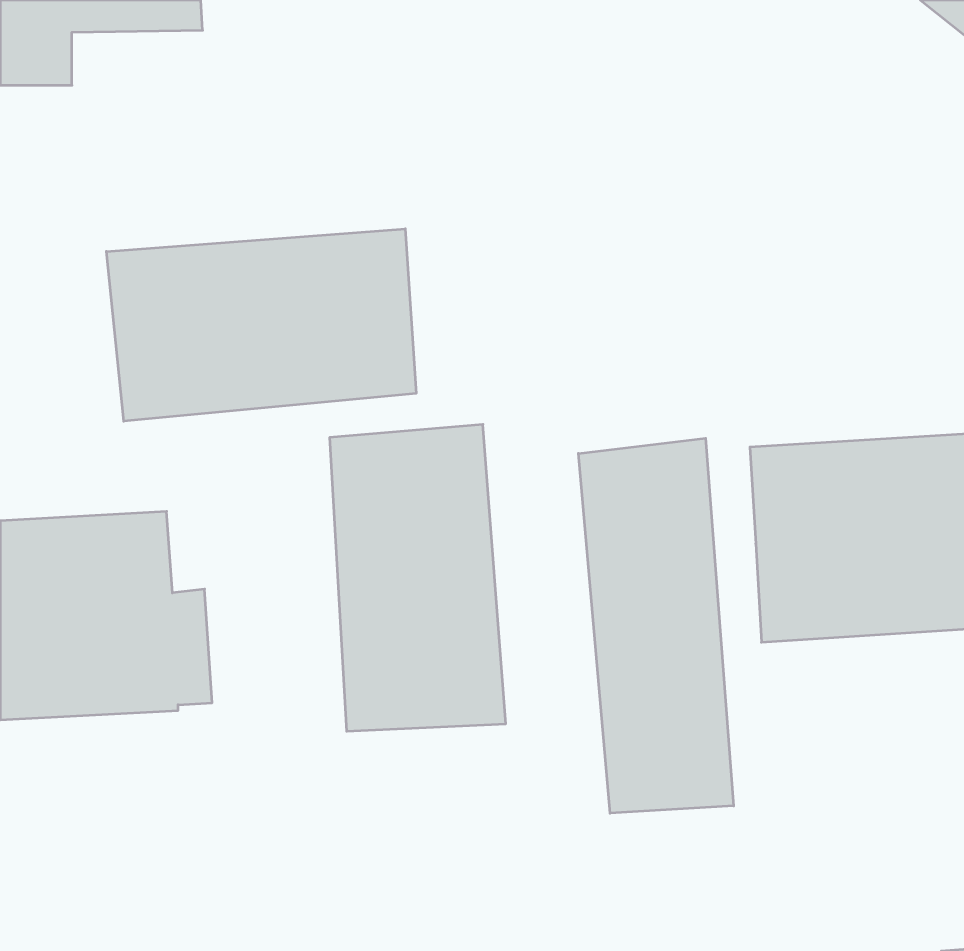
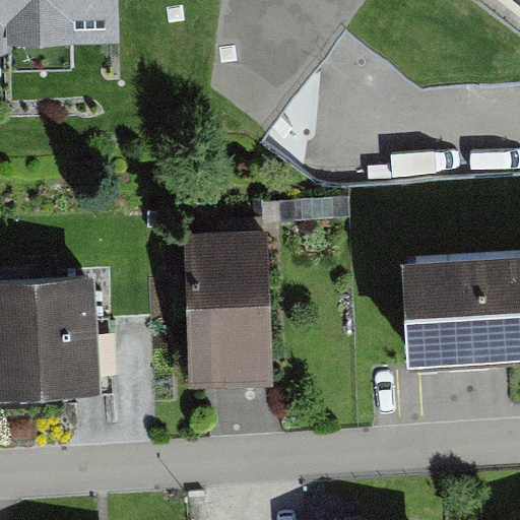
building: [106,229,416,421] -> none
building: [578,438,734,813] -> none

